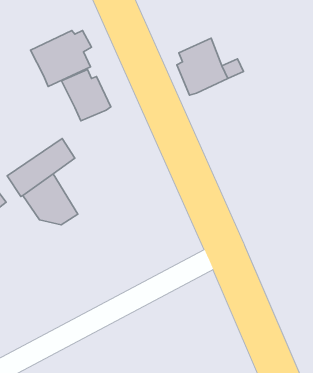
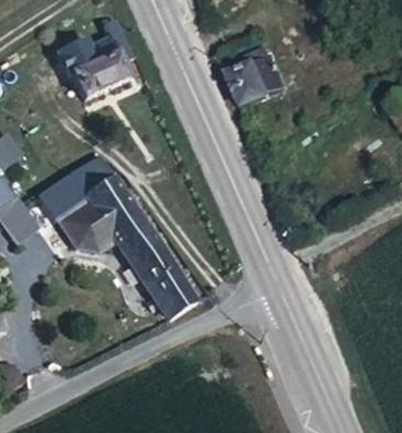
building: [62,69,111,121] -> none
building: none -> [89,179,196,320]

